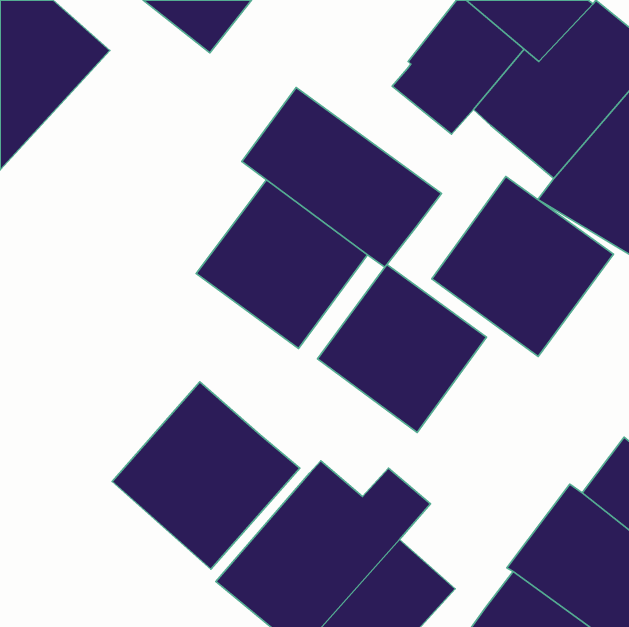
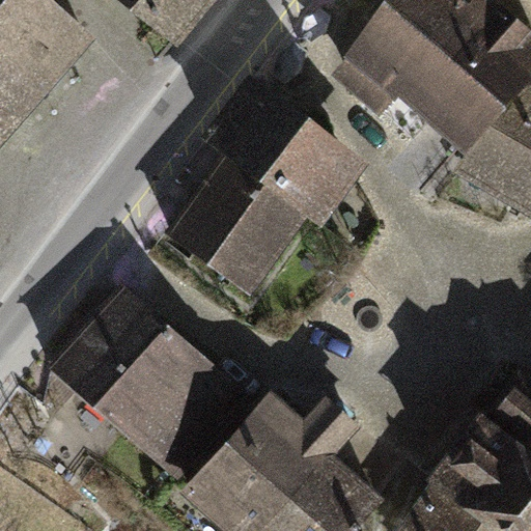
building: [432,177,614,357] -> none
building: [317,265,487,433] -> none
building: none -> [49,283,169,408]

